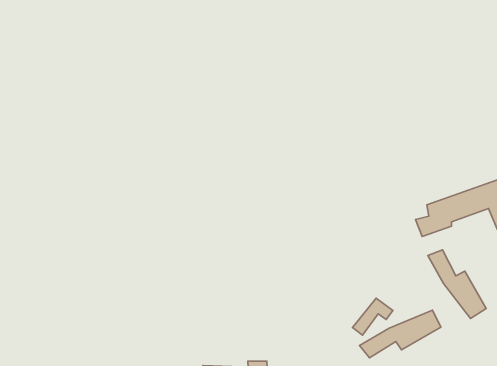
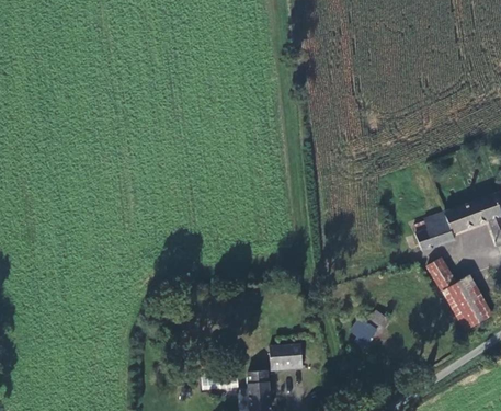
building: [360,310,441,358] -> none
building: none -> [272,347,306,369]

